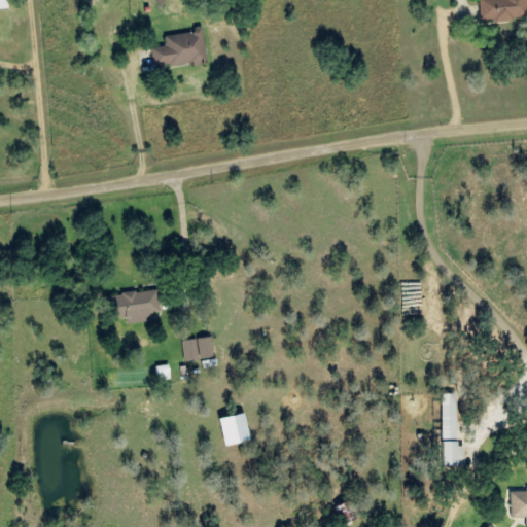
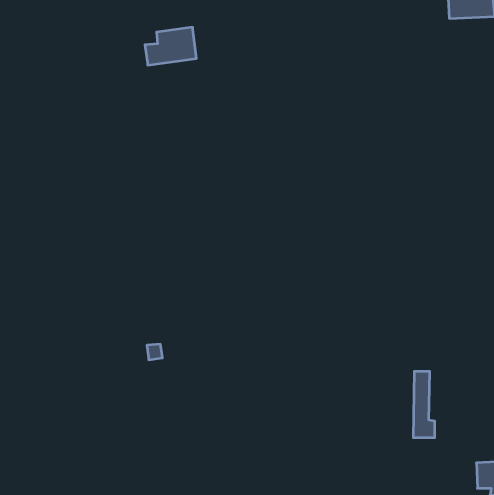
building: [124,288,165,324] -> none
building: [185,336,220,367] -> none
building: [216,413,248,445] -> none

